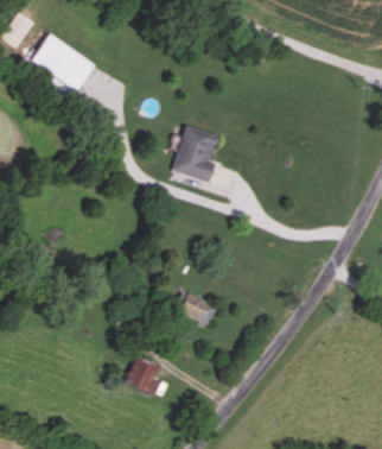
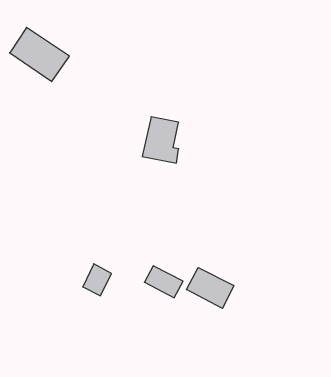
building: none -> [186,268,234,308]
building: [127,355,158,390] -> [83,264,111,296]

